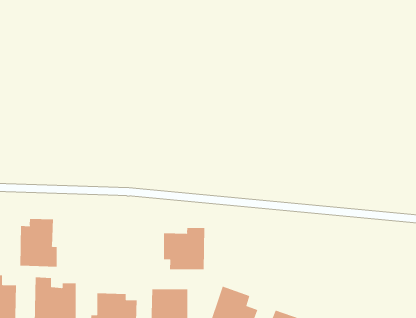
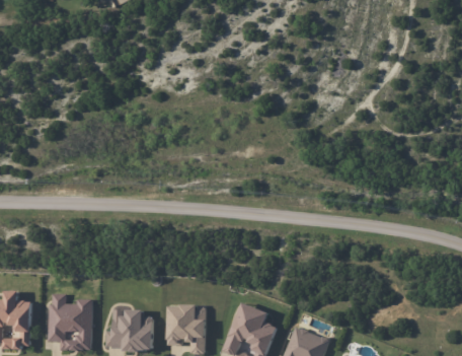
building: [20,218,57,268] -> none
building: [163,227,205,270] -> none

